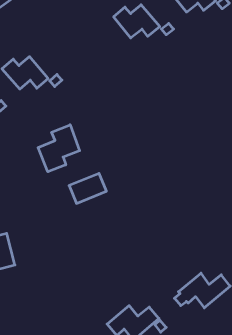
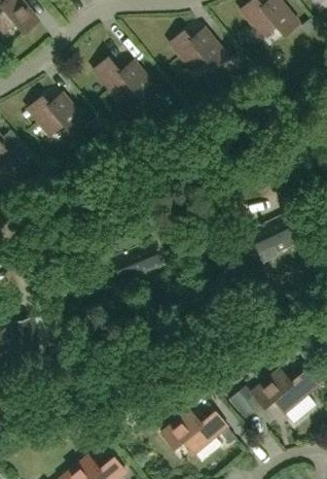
building: none -> [93,58,156,103]
building: [38,125,80,172] -> none
building: none -> [248,213,298,253]

